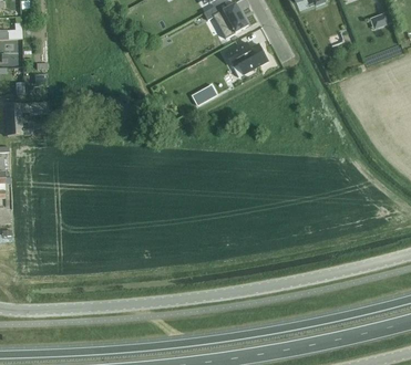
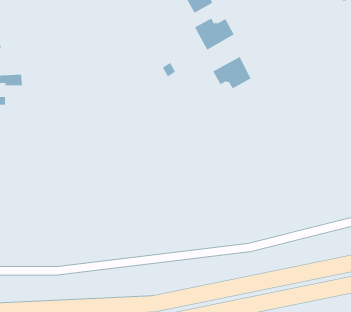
building: none -> [212,56,251,89]

